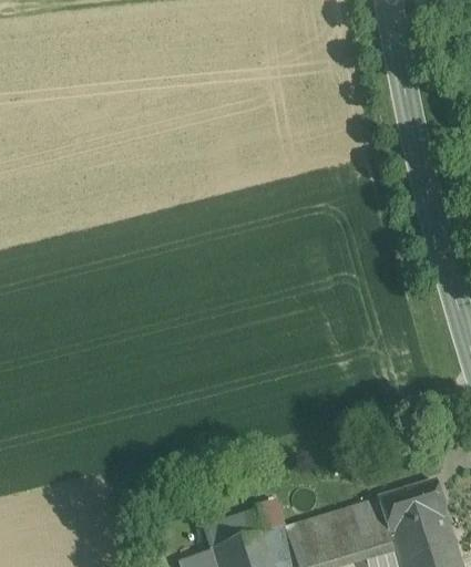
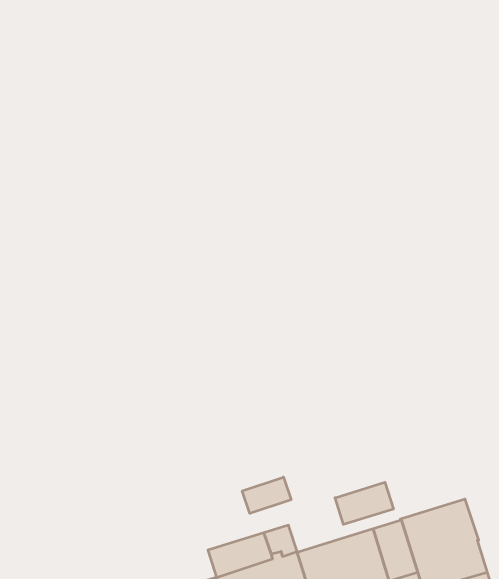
building: none -> [242,477,291,513]
building: none -> [335,482,393,524]

